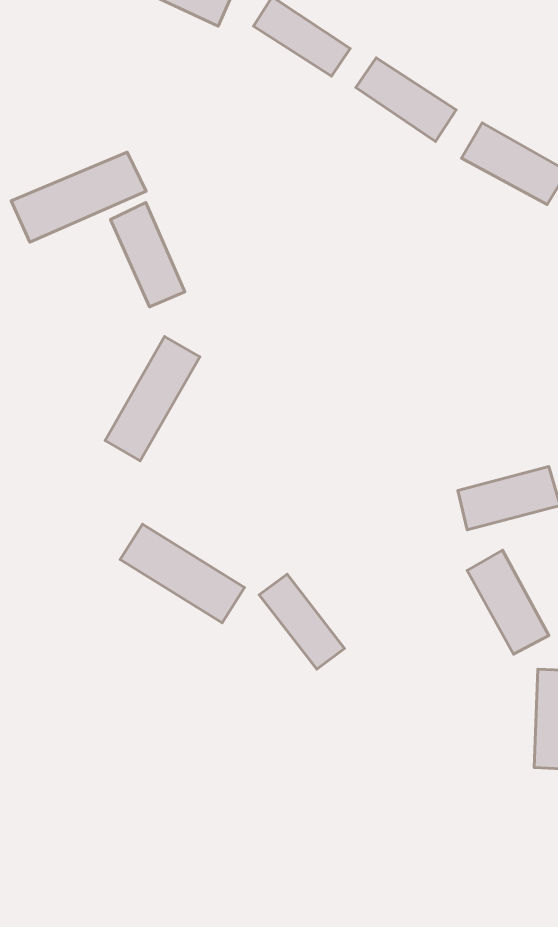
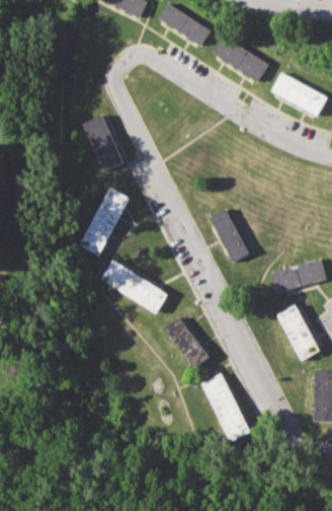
building: [11,152,146,242] -> none
building: none -> [209,209,248,263]
building: [120,524,244,623] -> [99,260,167,313]
building: none -> [199,373,251,442]

